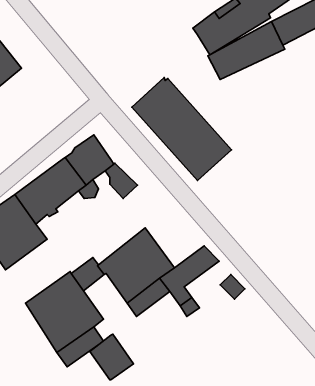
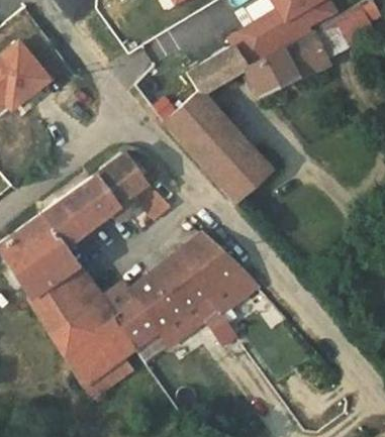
building: none -> [187,46,248,95]
building: none -> [179,234,242,294]
building: none -> [30,263,99,331]
building: [90,334,134,380] -> [113,300,160,348]

